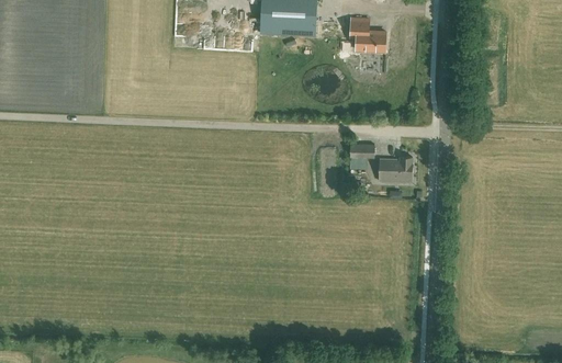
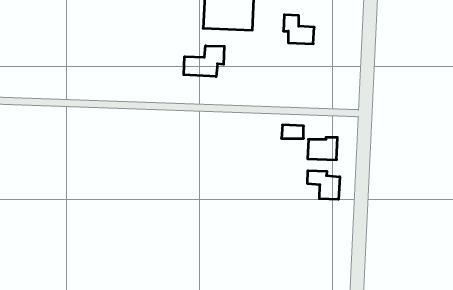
building: none -> [184,46,224,77]
building: none -> [308,171,340,199]

